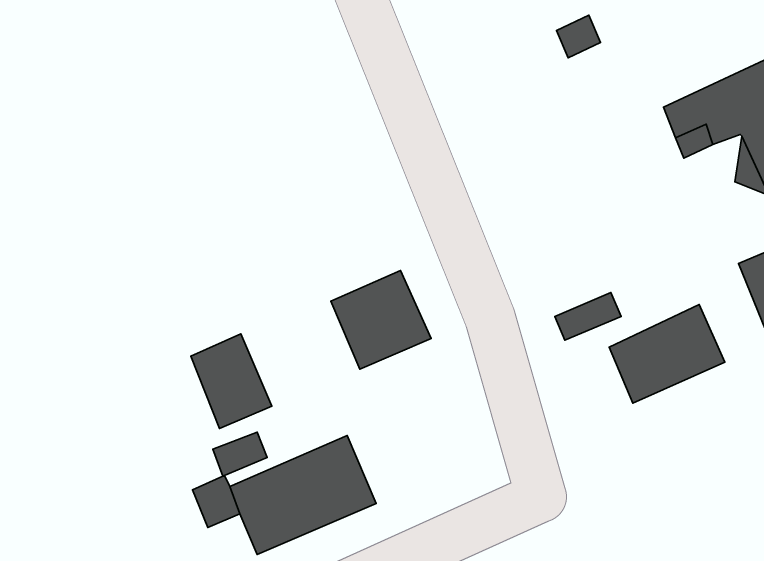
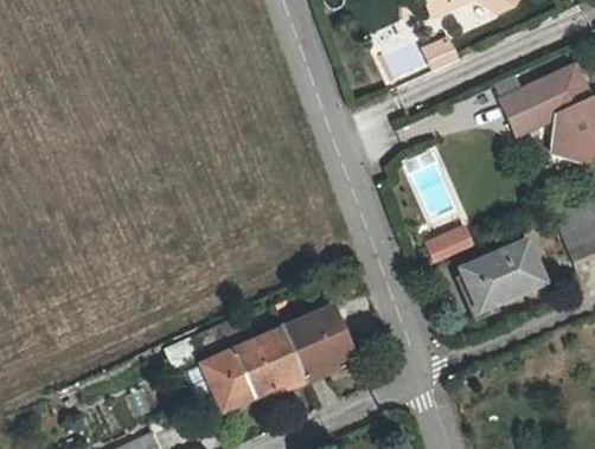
building: [331,271,431,369] -> [283,307,353,376]
building: [191,334,272,429] -> none

